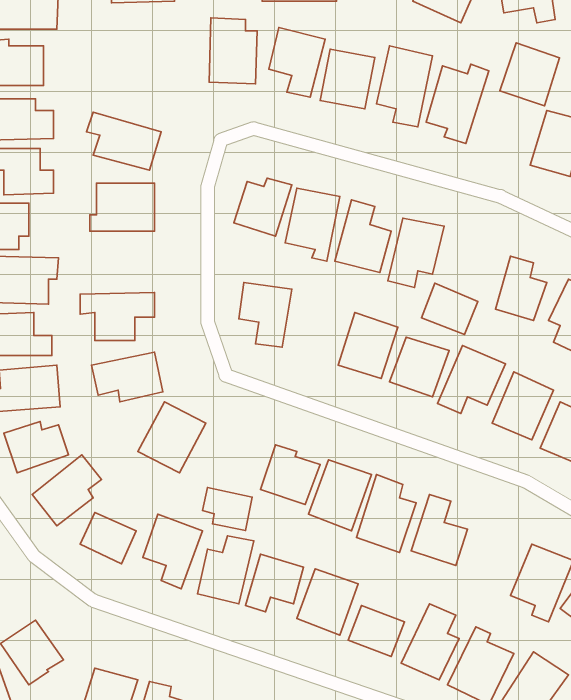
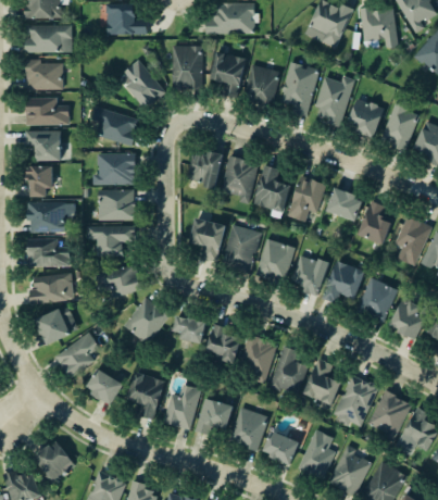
building: none -> [118,60,165,110]
building: [500,43,559,106] -> [345,98,384,139]
building: none -> [97,189,134,221]
building: [421,283,478,334] -> [326,187,363,221]
building: none -> [222,225,261,271]
building: [203,487,252,530] -> [173,315,205,343]
building: none -> [331,374,378,426]

